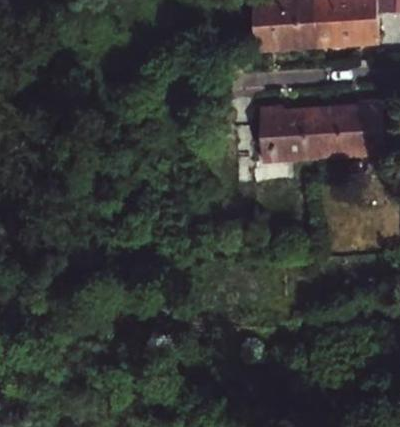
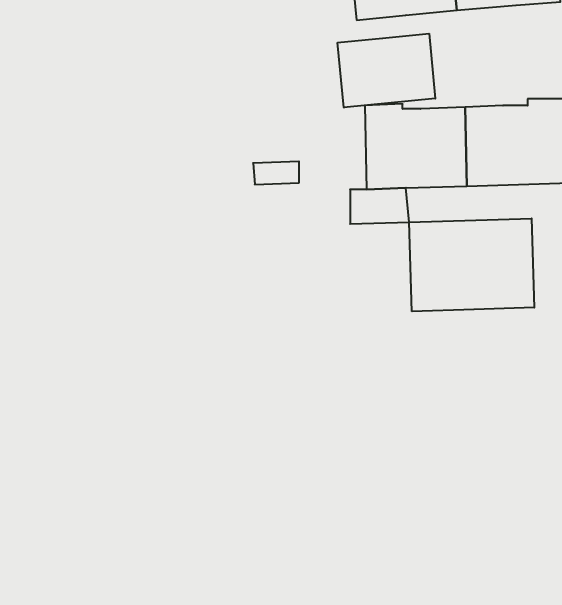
building: none -> [338,34,435,108]
building: none -> [409,218,534,311]

